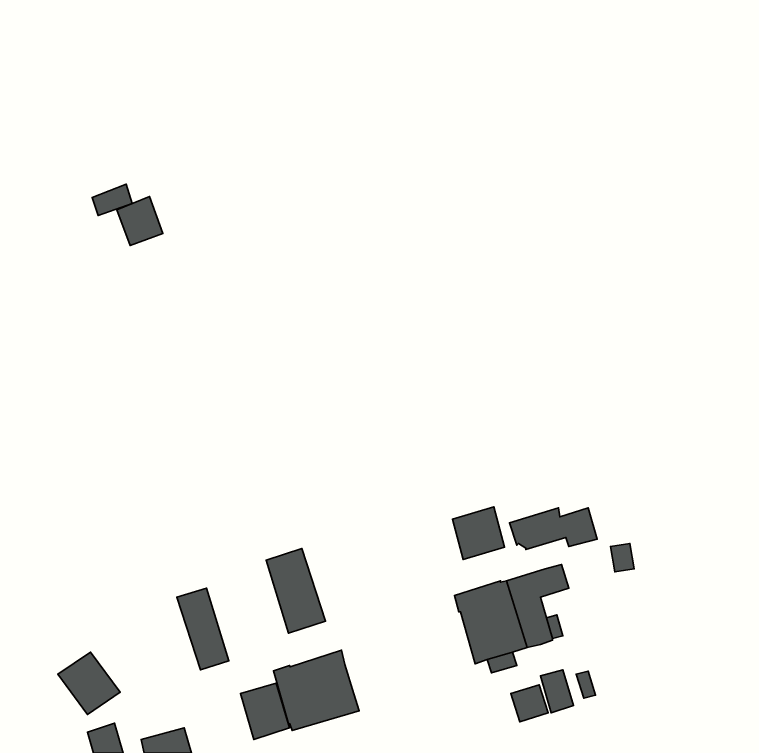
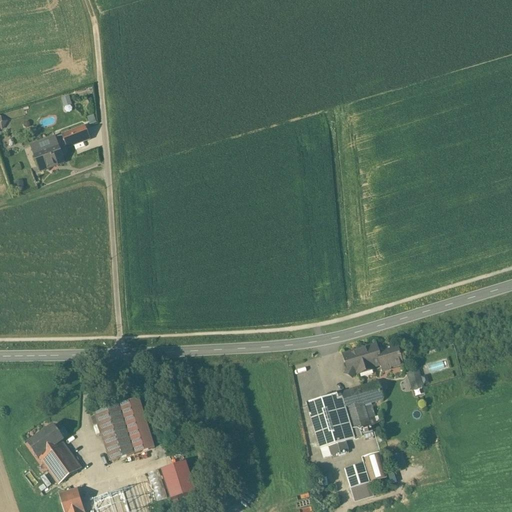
building: [117,196,163,245] -> [31,135,62,168]
building: [452,507,505,559] -> none
building: [266,548,326,633] -> [95,402,135,459]
building: none -> [27,423,63,456]
building: [273,650,359,731] -> none

